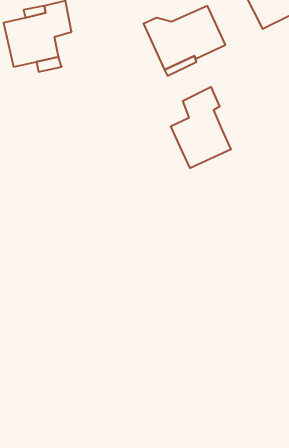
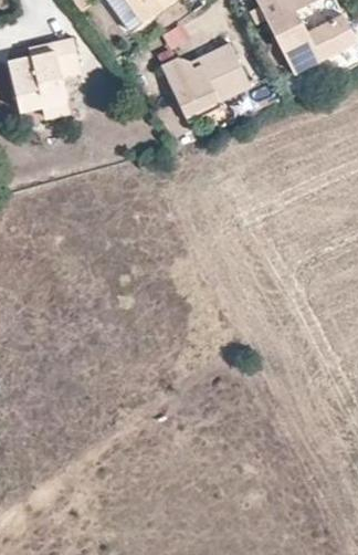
building: [171,87,231,168] -> none

